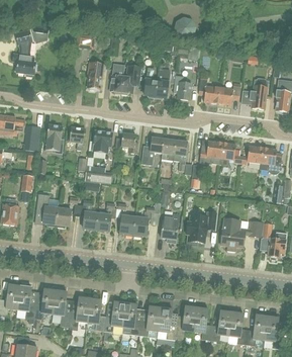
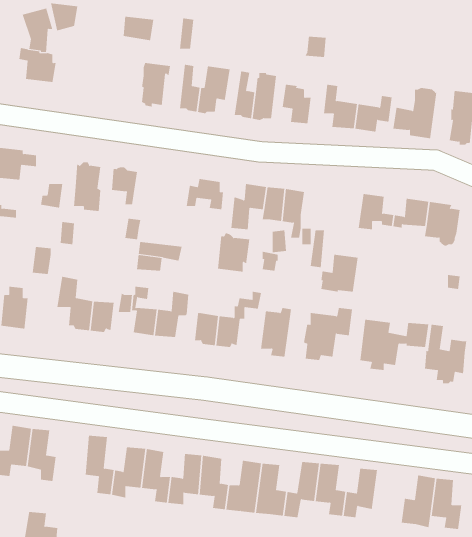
building: [93,127,113,152] -> [217,233,250,272]
building: [199,140,222,163] -> [320,254,358,292]
building: [33,288,55,319] -> none
building: [227,310,248,343] -> none

